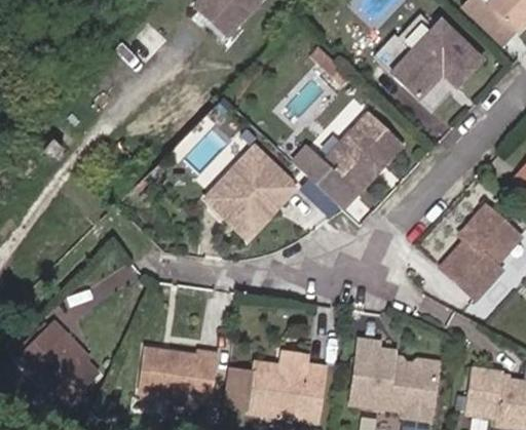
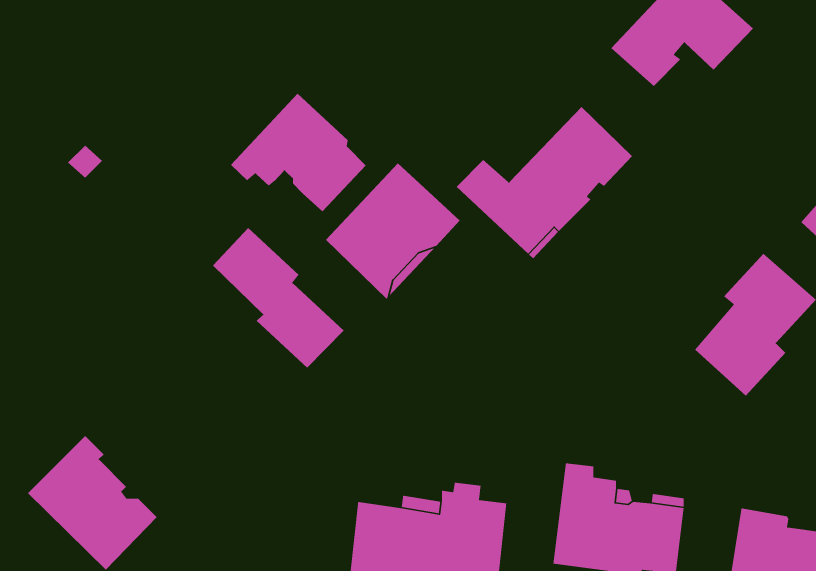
building: none -> [230,93,367,212]
building: none -> [212,227,345,369]
building: [141,347,216,400] -> none

